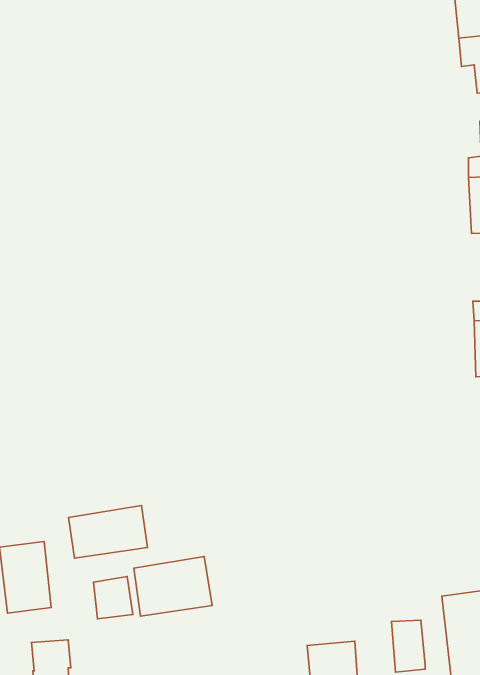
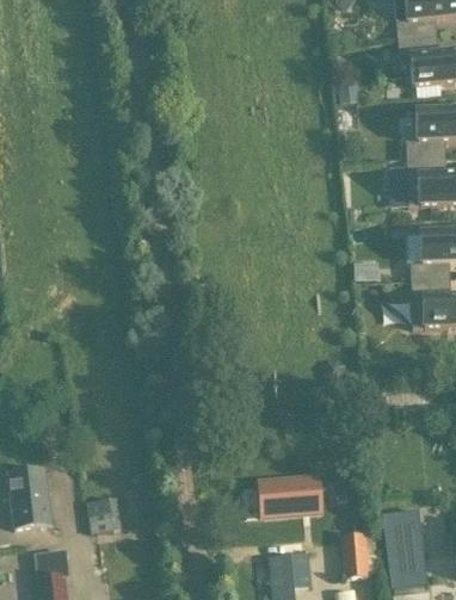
building: [68,505,148,558] -> none
building: none -> [259,477,320,515]
building: [134,556,212,616] -> none

